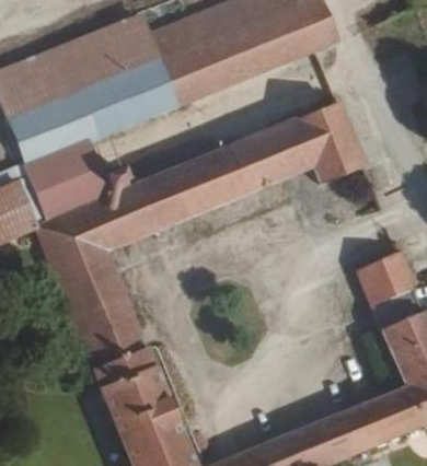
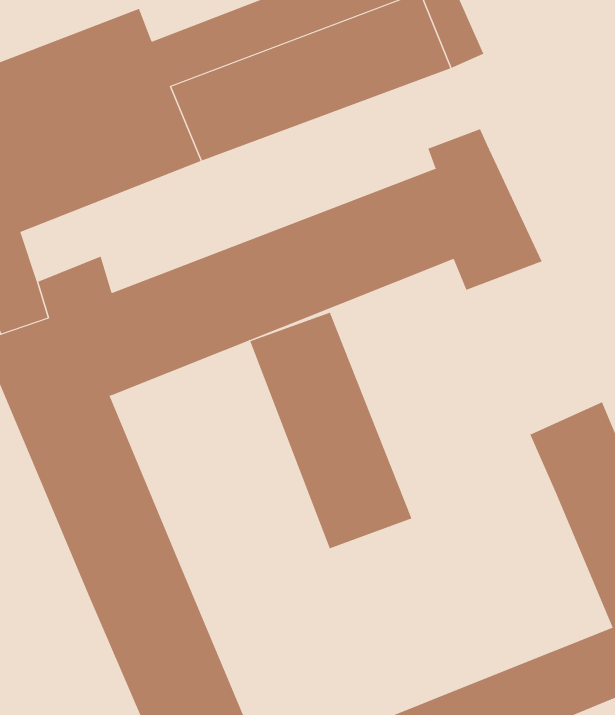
building: none -> [249,312,412,549]

